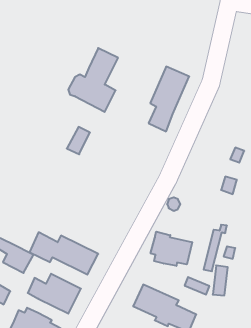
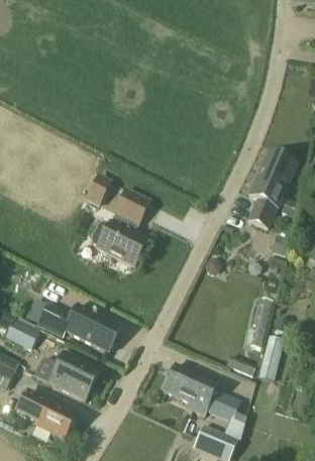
building: [68,48,118,112] -> [90,189,150,266]
building: [149,67,189,131] -> [247,150,297,229]
building: [151,232,192,266] -> none

